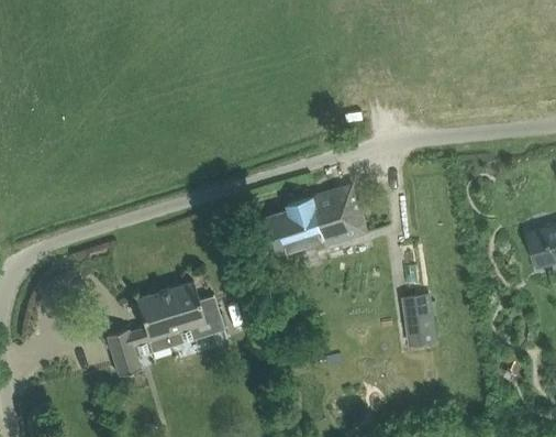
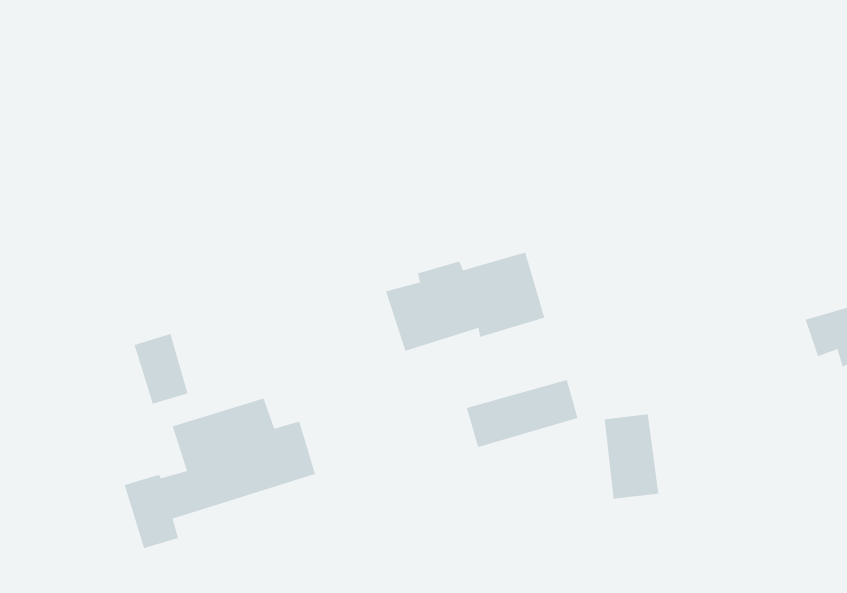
building: none -> [134,333,188,405]
building: none -> [466,379,578,448]

